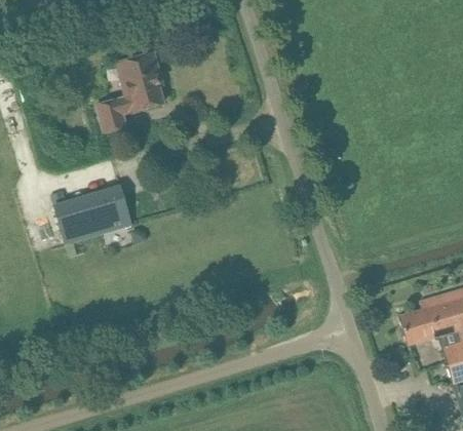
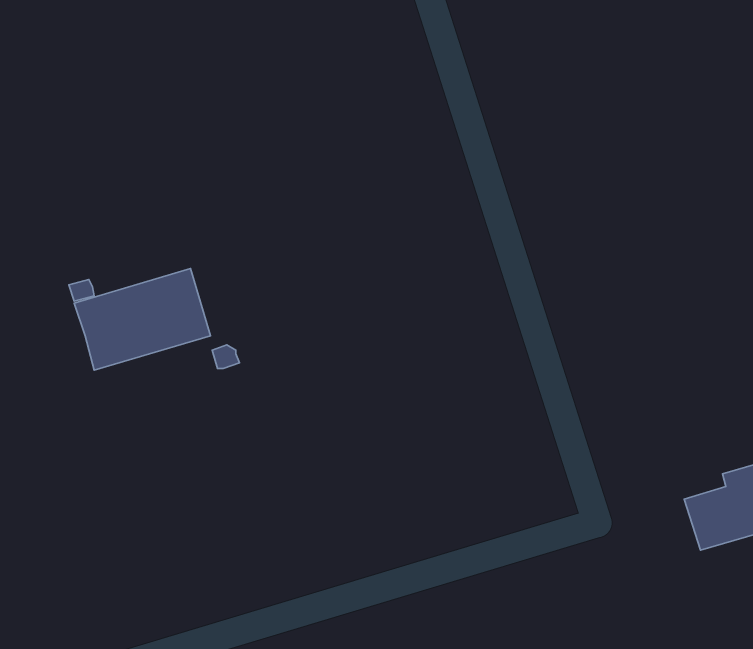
building: [95,52,163,133] -> none

